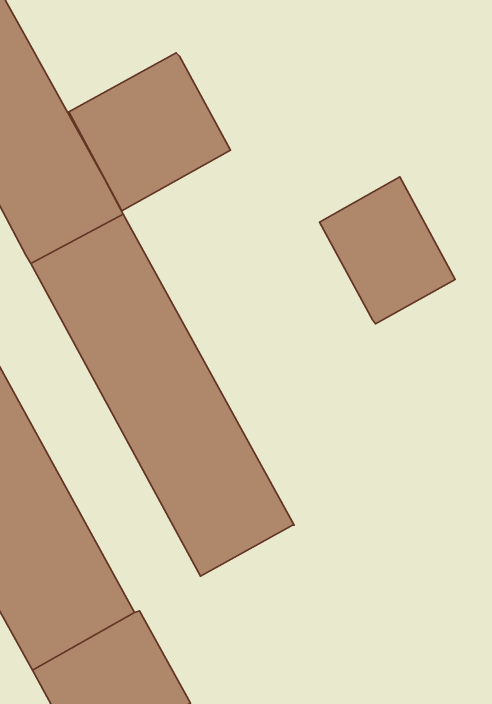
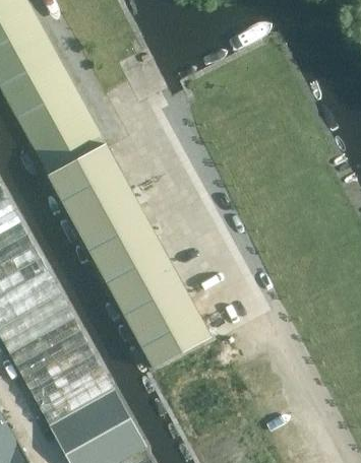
building: [69,53,230,211] -> none
building: [319,177,455,324] -> none

